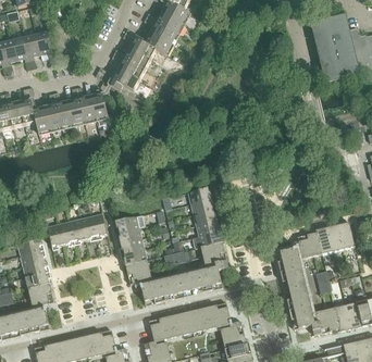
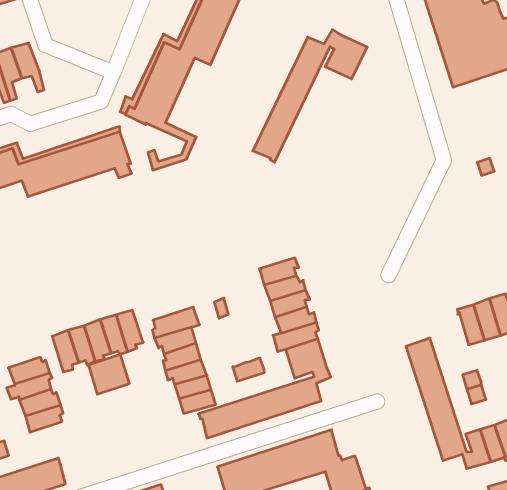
building: none -> [253,30,367,162]
building: [297,230,321,258] -> none
building: [27,282,53,307] -> [88,355,129,394]

